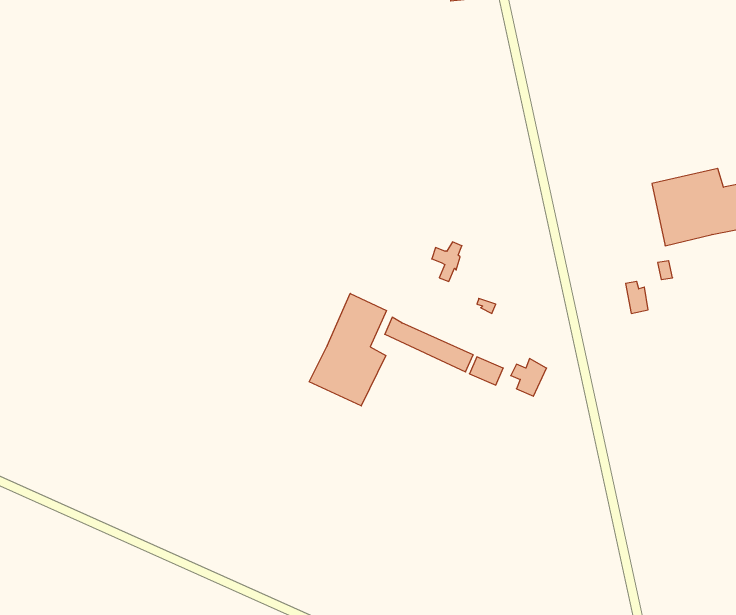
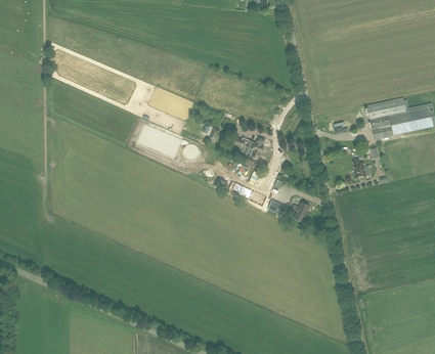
building: [309,293,387,406] -> none

